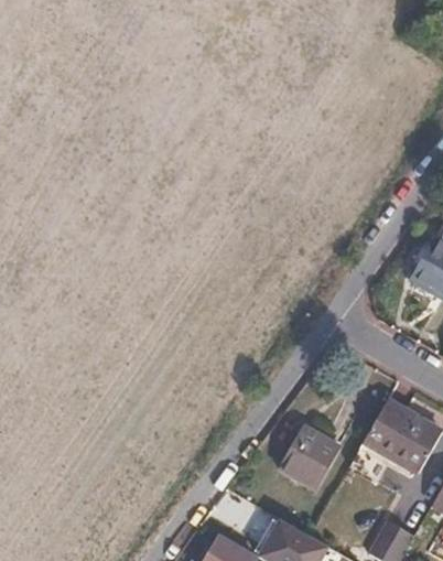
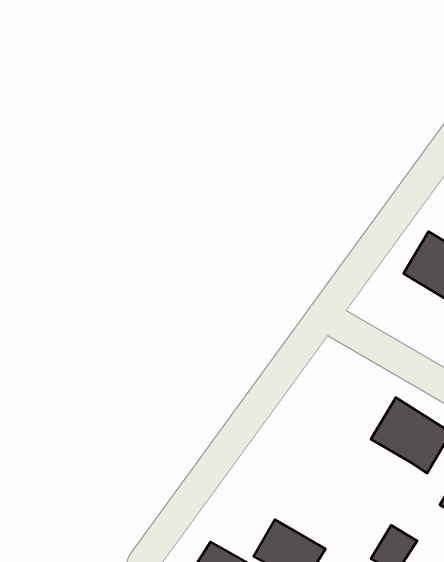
building: [279,429,339,490] -> none

